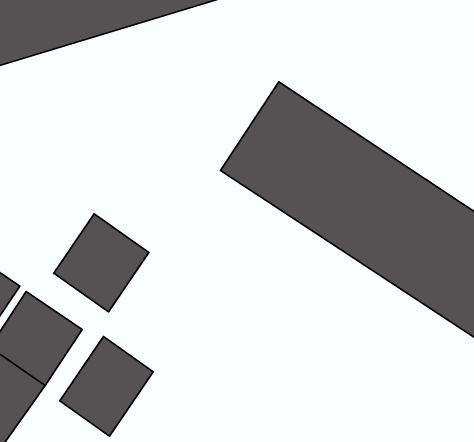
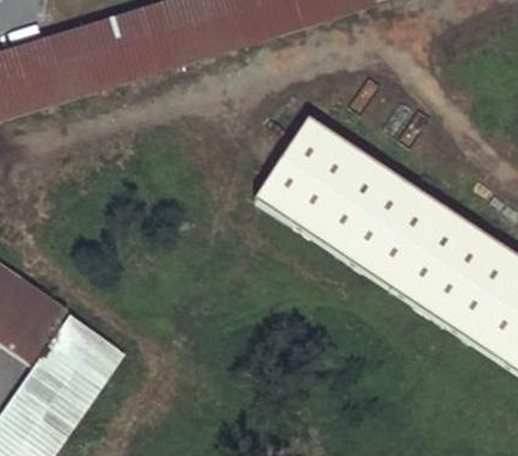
building: [54,214,149,312] -> none
building: [60,337,153,436] -> none

